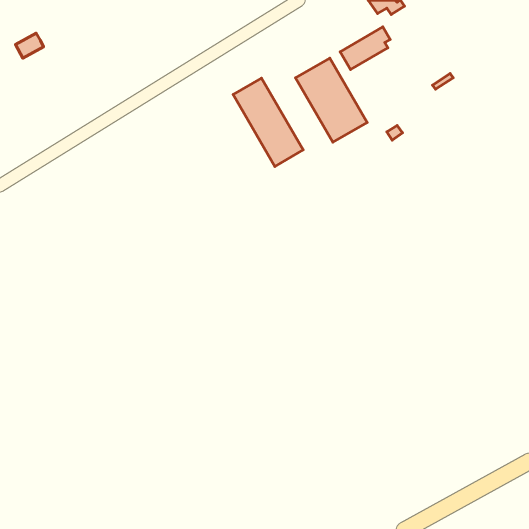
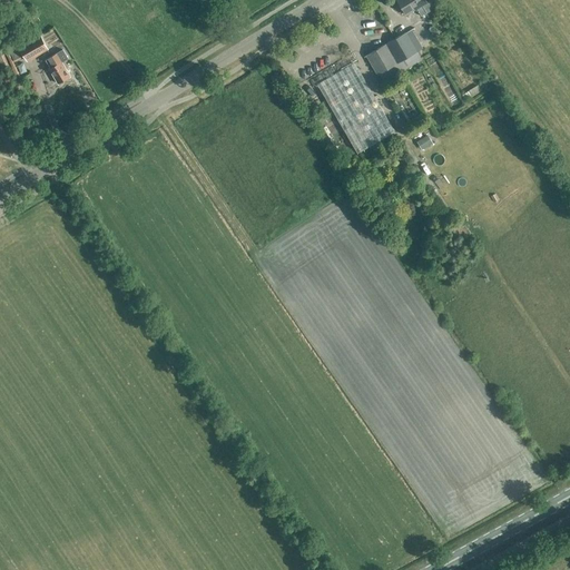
building: none -> [47,50,70,85]
building: [233,78,303,166] -> none

